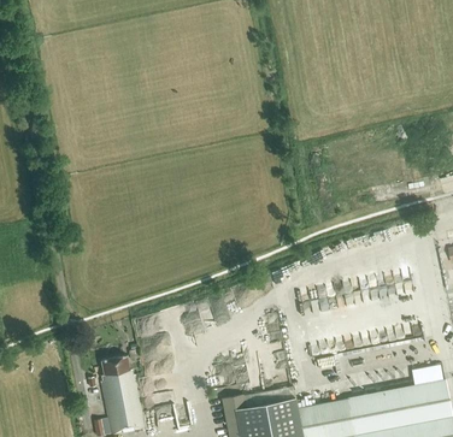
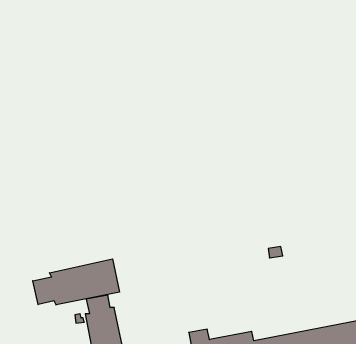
building: none -> [33,259,119,305]

